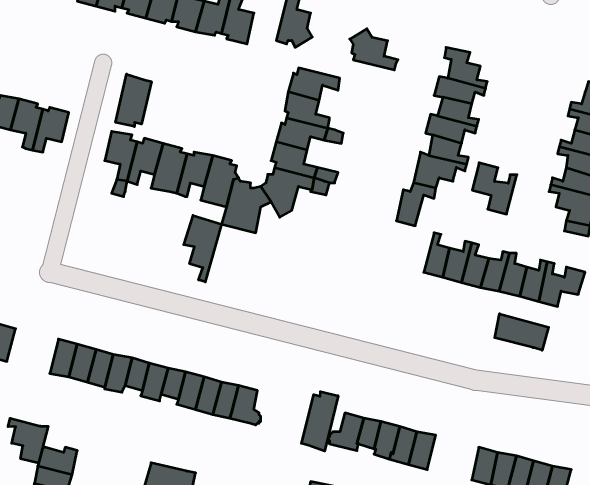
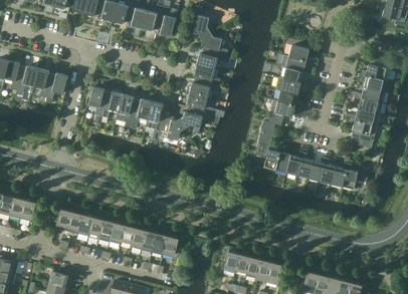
building: [350,29,398,70] -> [200,31,228,55]
building: [116,74,151,127] -> none
building: [472,163,517,214] -> [255,138,281,169]
building: [184,215,221,282] -> none
building: [495,314,549,350] -> none
building: [301,392,338,451] -> none
building: [8,418,48,463] -> none

